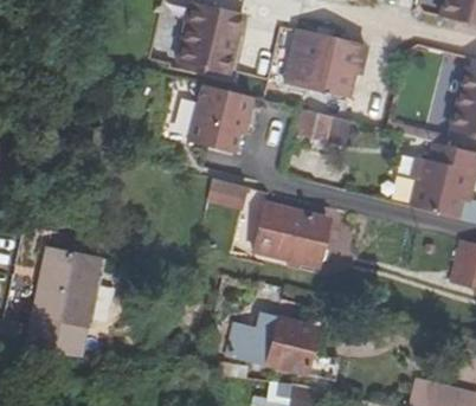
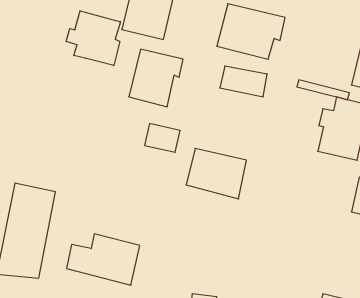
building: none -> [66,11,120,66]
building: [227,312,315,374] -> [67,234,140,285]

